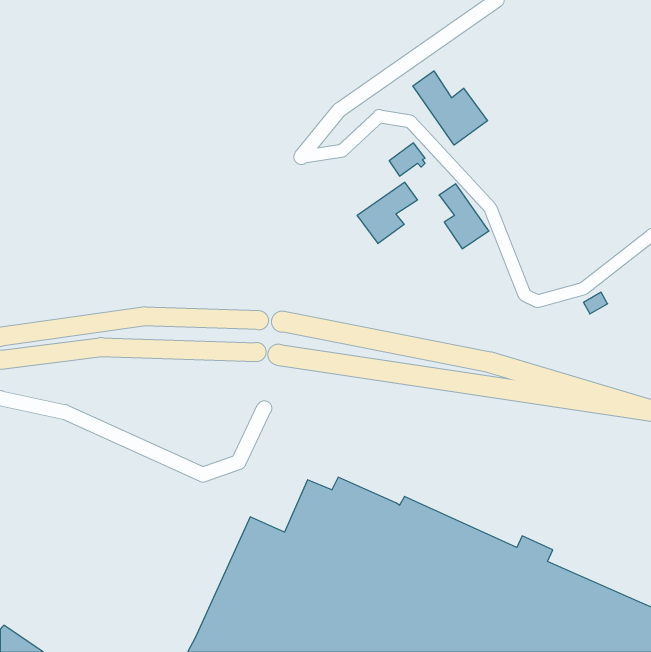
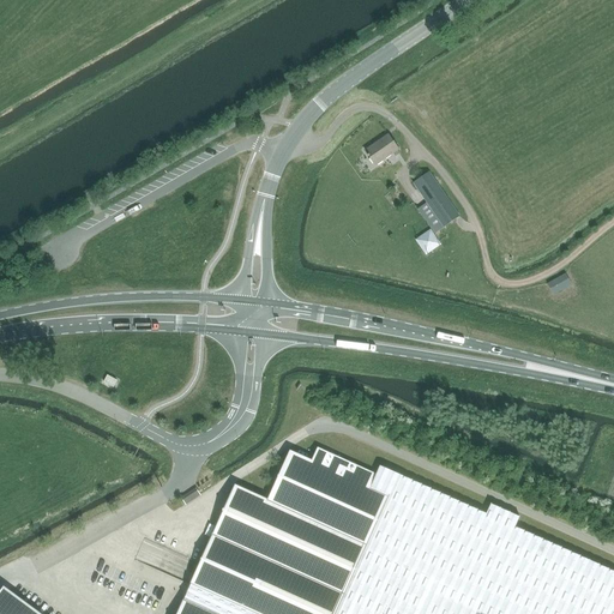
building: [413,71,488,145] -> none
building: [357,182,417,244] -> none

